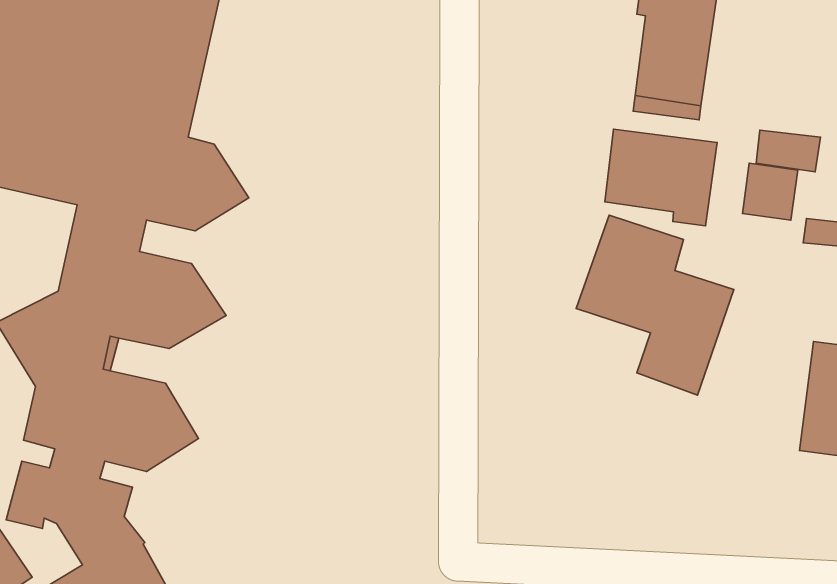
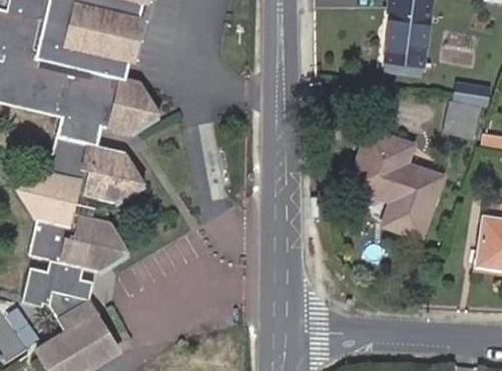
building: [605,129,717,226] -> none

